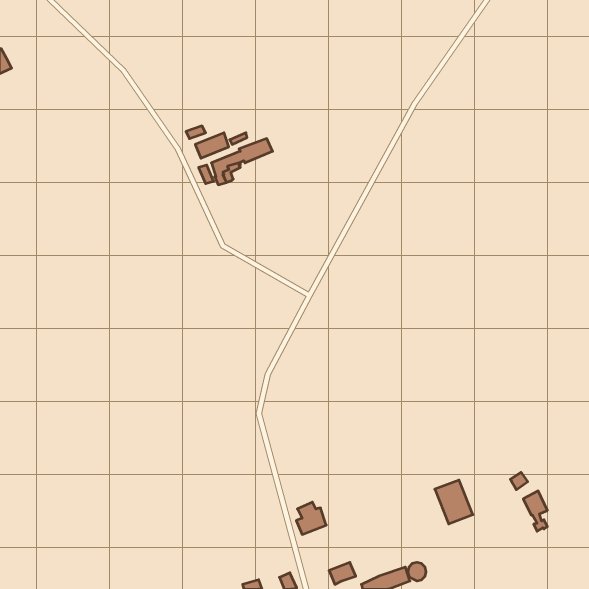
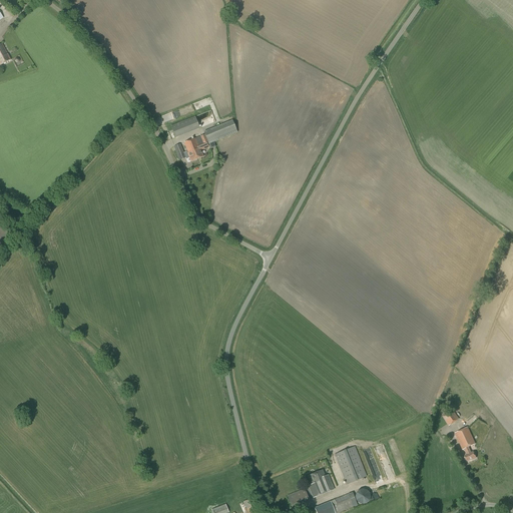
building: [435,480,473,524] -> [333,446,366,484]
building: [296,502,326,534] -> [307,469,333,497]

